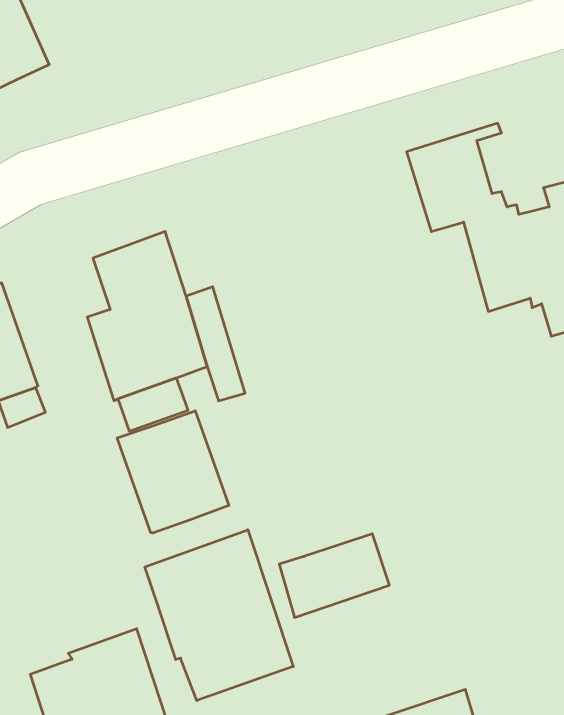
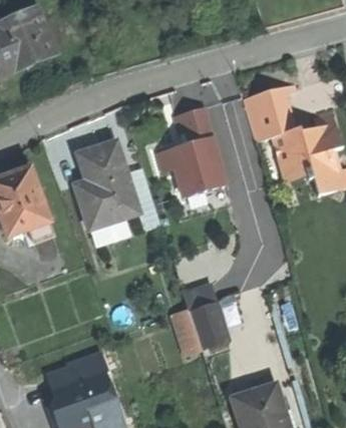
building: none -> [159,107,227,196]
building: [117,411,229,533] -> none
building: [145,530,293,701] -> none

